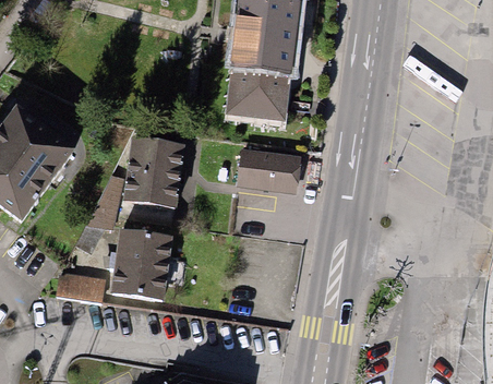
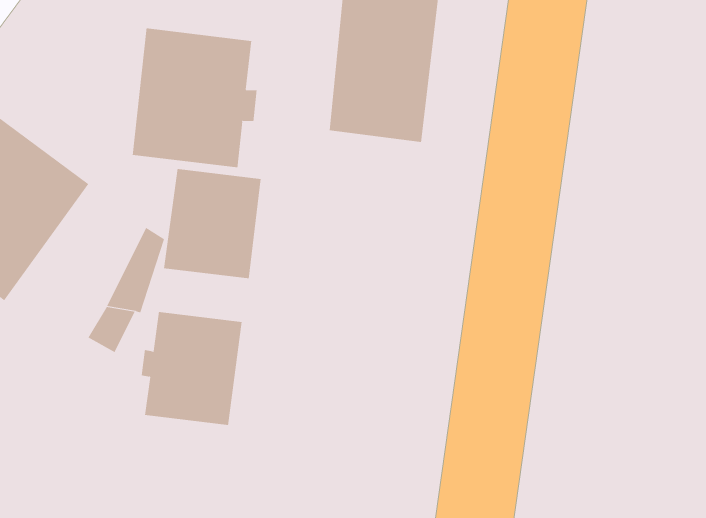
building: none -> [132,28,257,168]
building: [236,147,303,193] -> none
building: [56,273,105,301] -> none

